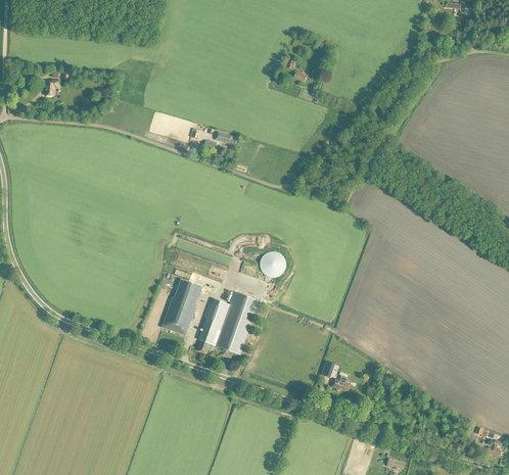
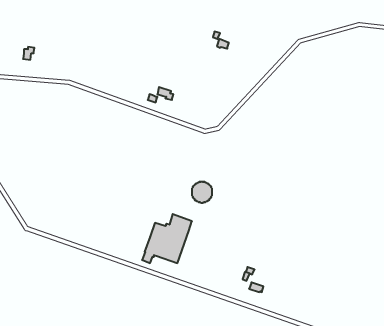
building: [163,279,201,334] -> none

